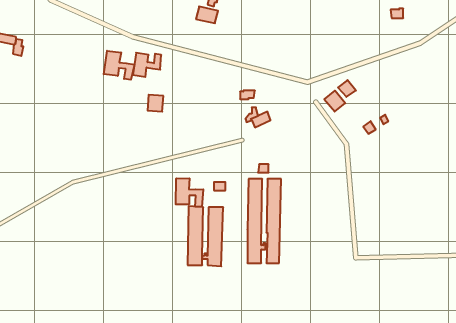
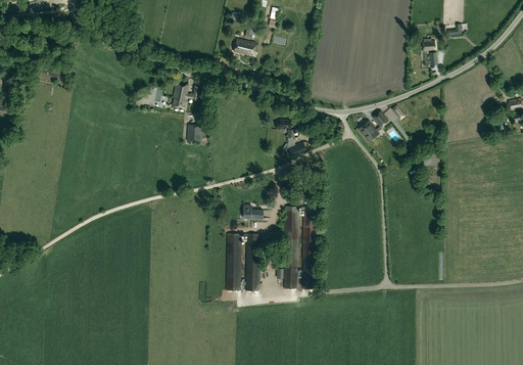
building: [104,51,134,80] -> none
building: [176,178,203,207] -> none

